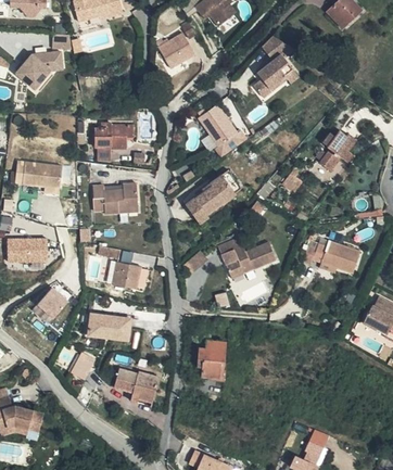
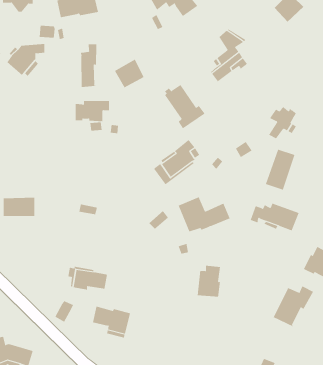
building: [159,30,194,65] -> [114,59,144,88]
building: none -> [81,43,97,88]
building: [15,162,64,190] -> none
building: none -> [265,149,295,190]
building: [92,180,138,211] -> none
building: [113,263,141,291] -> none
building: [38,284,68,315] -> none
building: [198,339,226,377] -> [197,265,221,297]
building: none -> [273,285,314,327]

